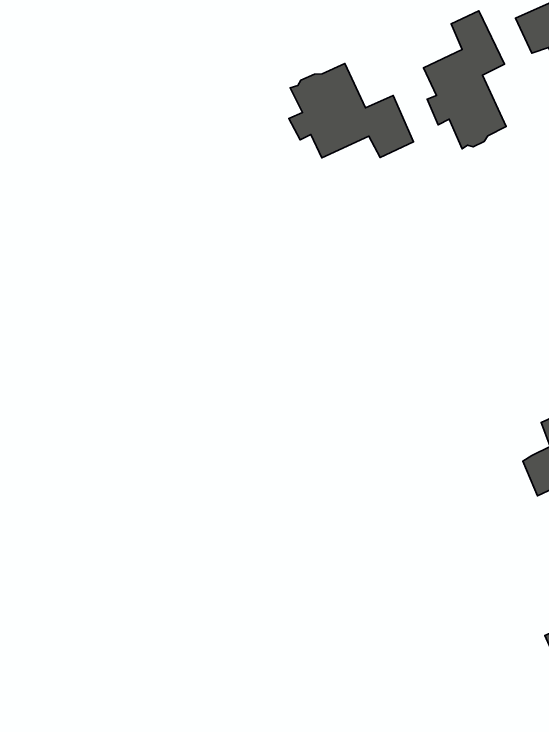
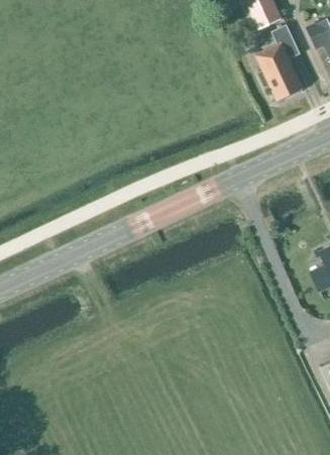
building: [289,64,414,158] -> none

